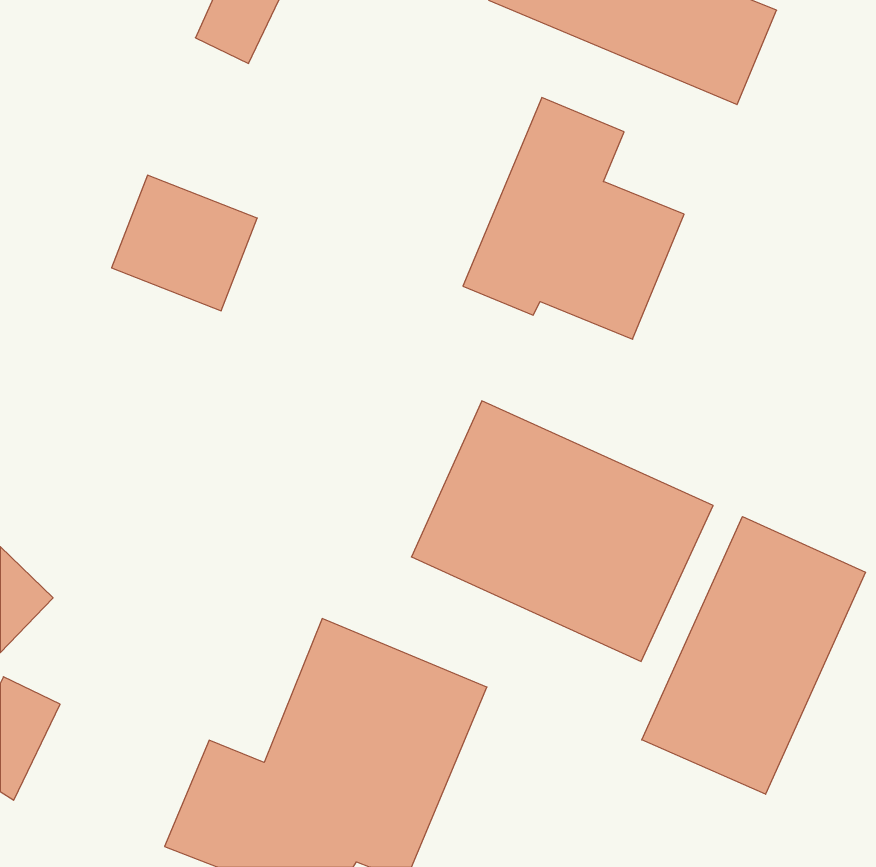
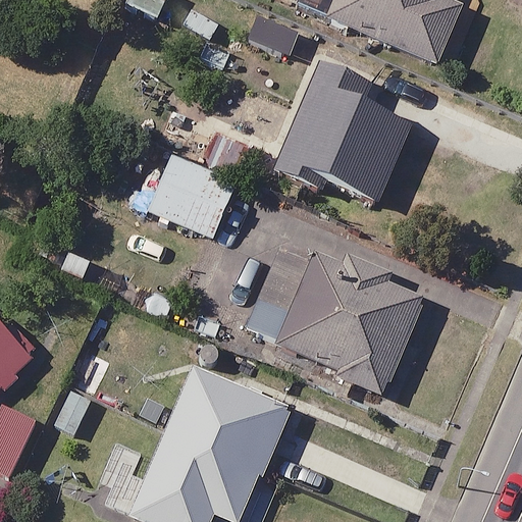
building: [112,175,257,311] -> [149,156,236,237]
building: [642,517,865,794] -> none

